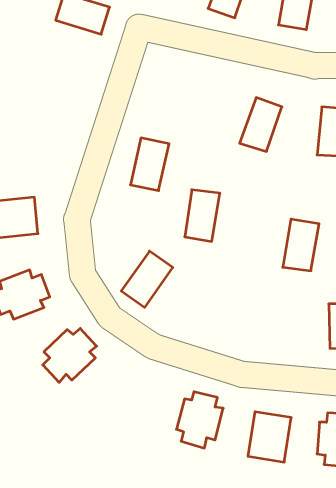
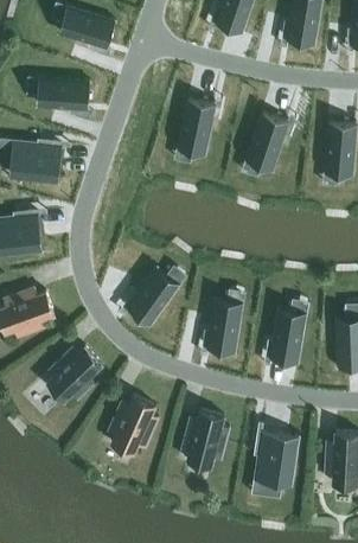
building: none -> [39,78,89,110]
building: none -> [13,141,63,183]
building: [130,138,169,191] -> [178,98,217,152]
building: [185,190,220,241] -> [206,300,242,352]
building: [283,219,319,271] -> [269,309,306,362]
building: none -> [108,395,160,455]

